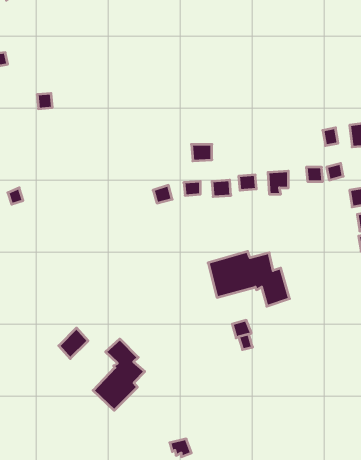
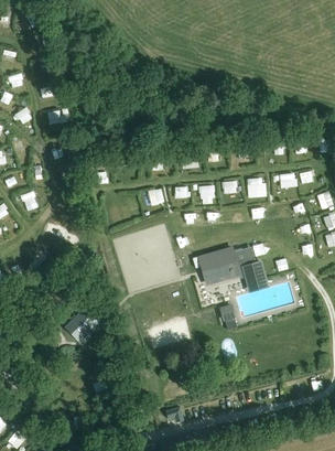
building: [93,339,145,410] -> none

